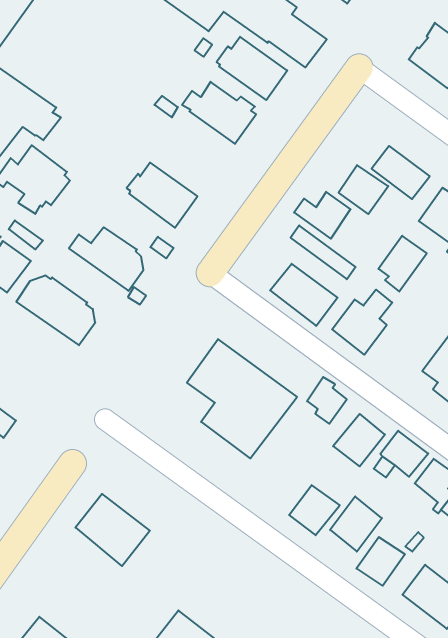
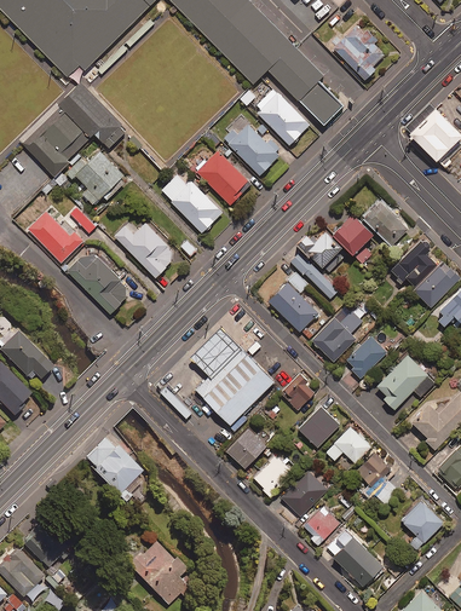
building: none -> [196,151,253,206]
building: [378,236,427,292] -> [347,334,387,377]
building: none -> [225,425,266,466]

